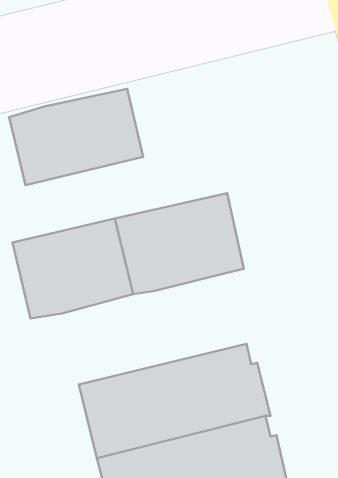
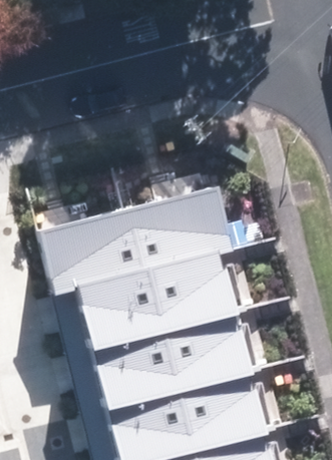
building: [9,89,143,185] -> none
building: none -> [79,255,237,348]

